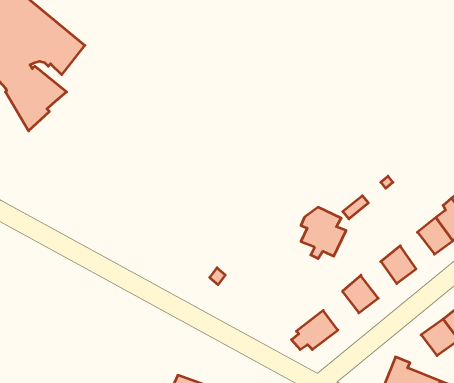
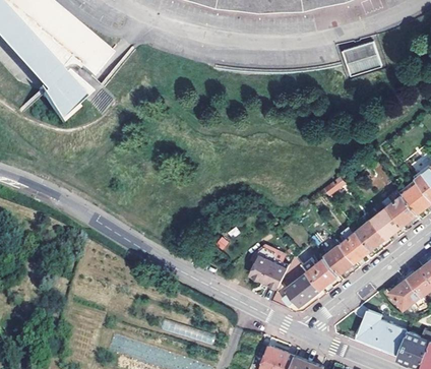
building: none -> [341,40,379,75]
building: [301,207,346,259] -> [251,246,289,289]
building: none -> [372,206,401,237]
building: none -> [340,231,369,261]
building: none -> [302,255,337,288]

